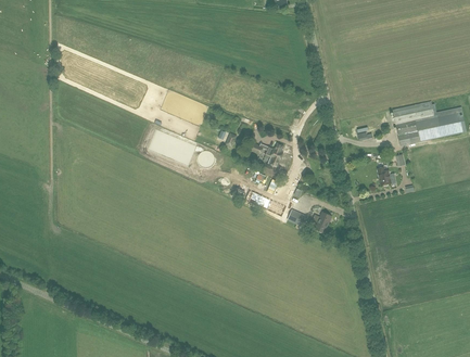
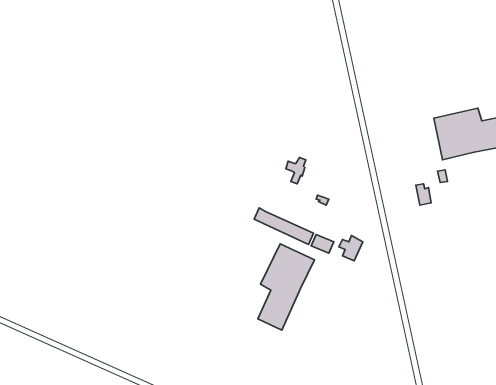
building: none -> [258,244,315,330]

